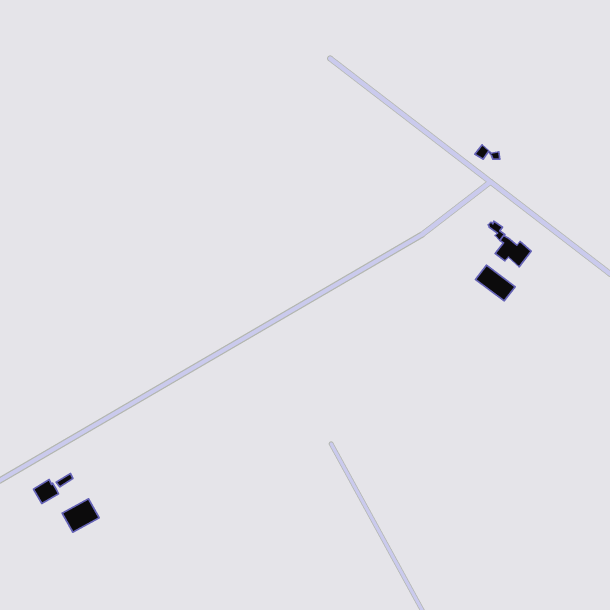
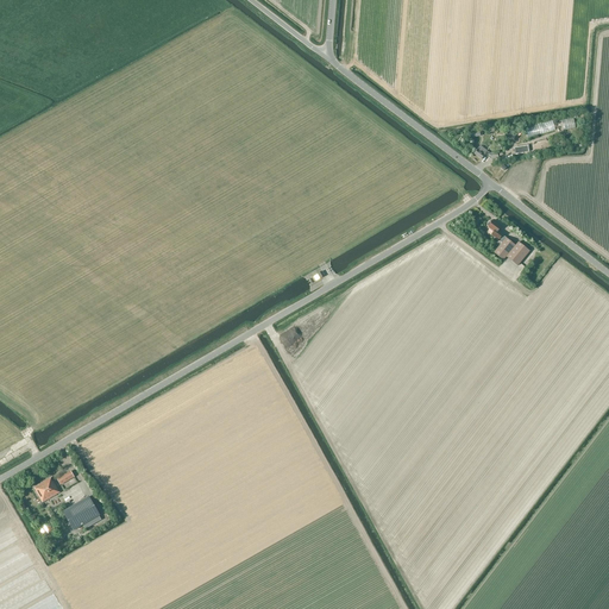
building: [476,265,515,301] -> none

